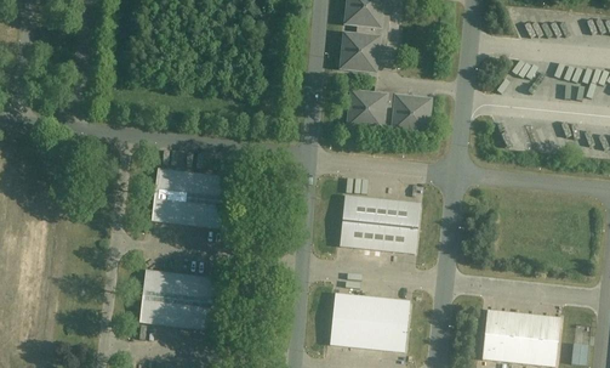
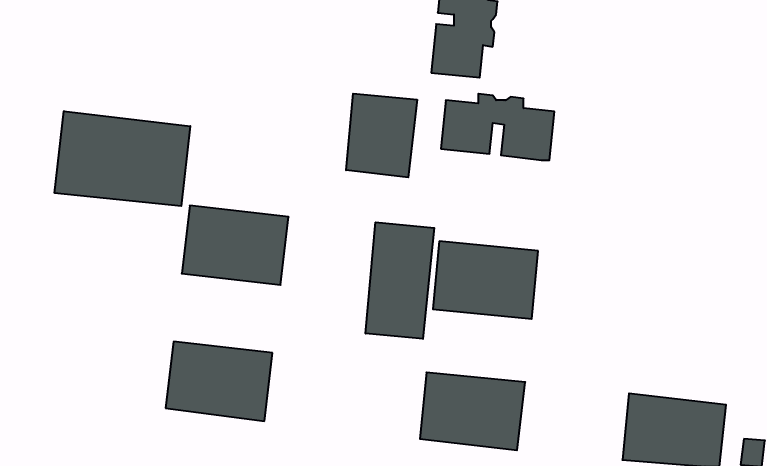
building: none -> [346,94,417,177]
building: none -> [55,111,190,206]
building: none -> [366,222,434,339]

